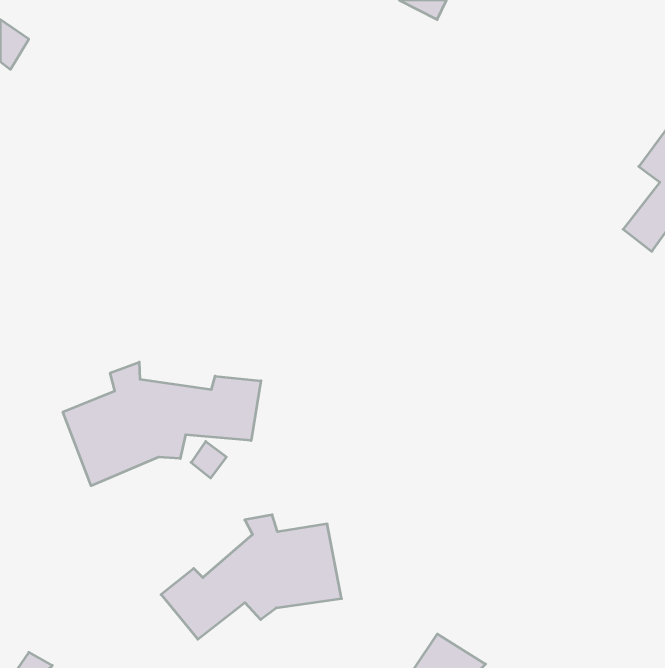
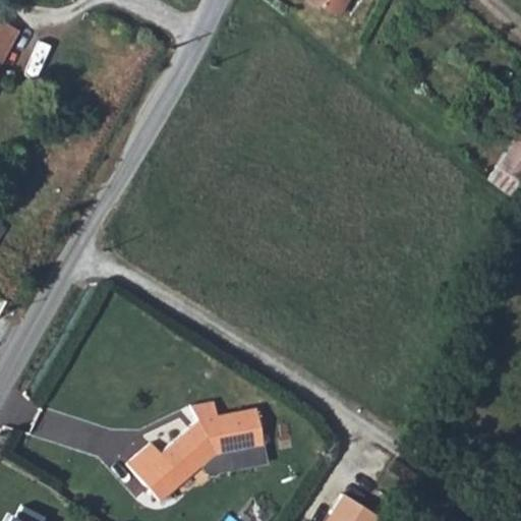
building: [63,362,261,486] -> none

